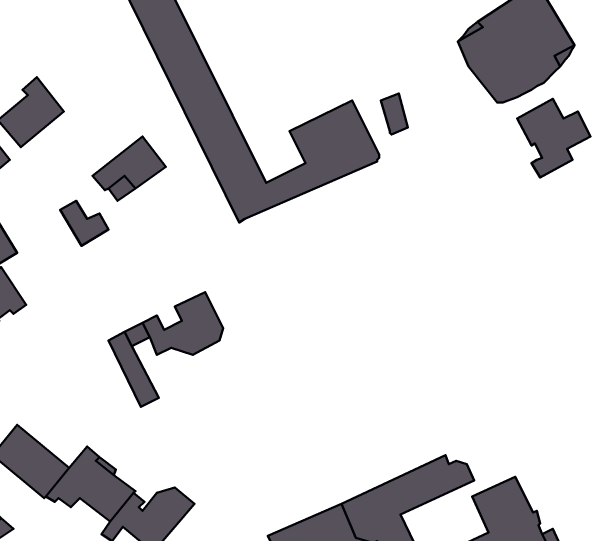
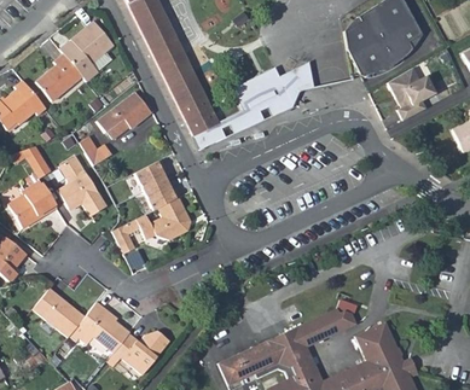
building: none -> [60,21,115,82]
building: none -> [58,156,106,216]
building: none -> [134,159,180,210]

